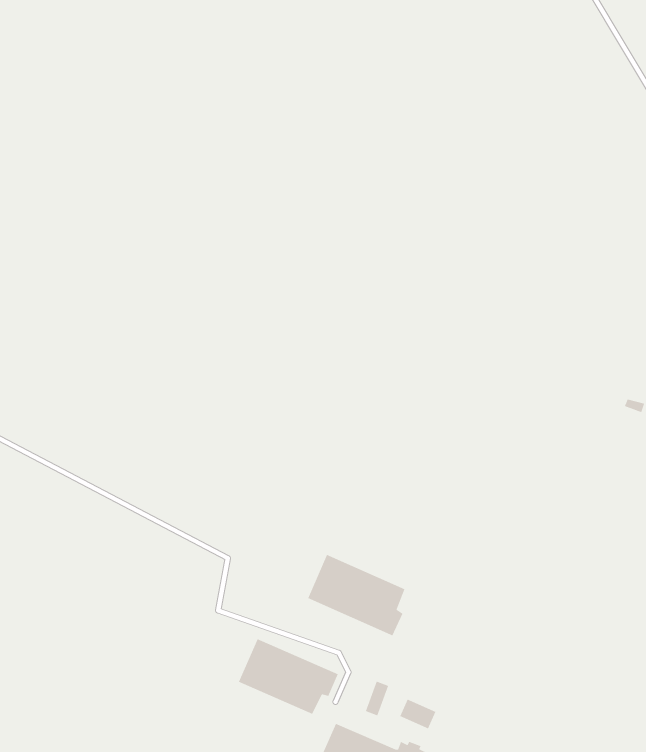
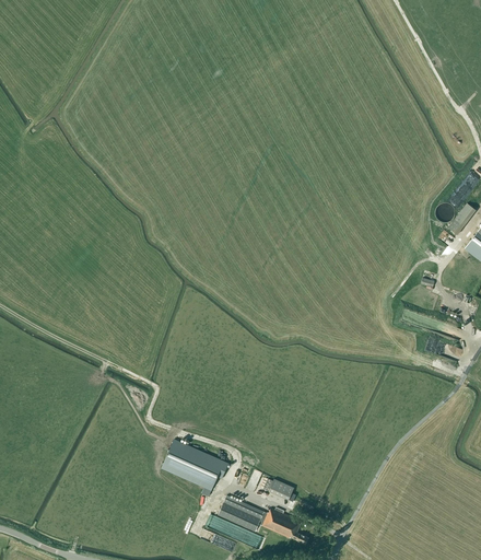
building: [307,554,405,636] -> none

